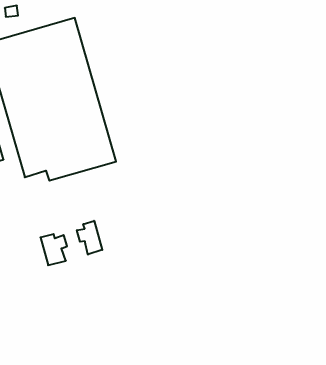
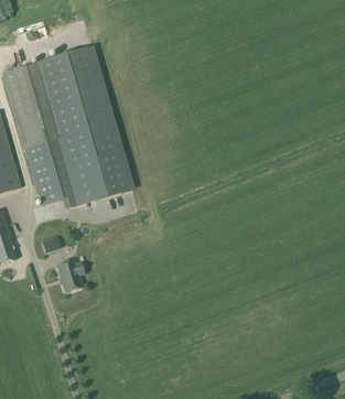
building: [77,221,102,255] -> none

